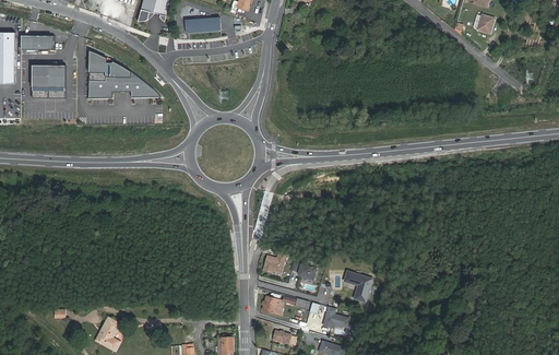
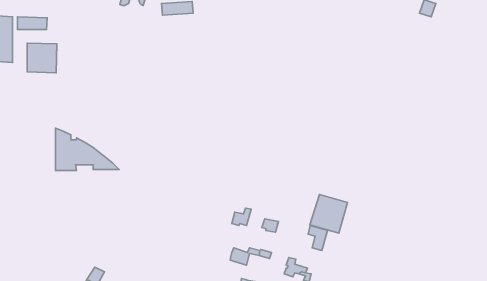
building: [90,50,162,98] -> [55,128,119,171]
building: none -> [310,194,348,233]

